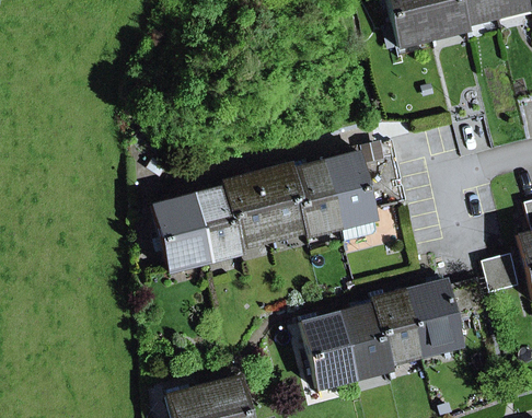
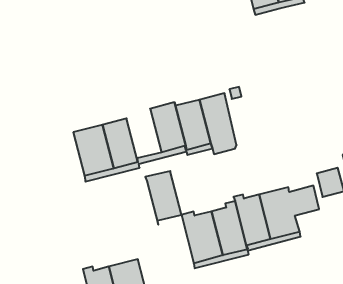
building: [223,174,273,246] -> [145,171,182,225]

